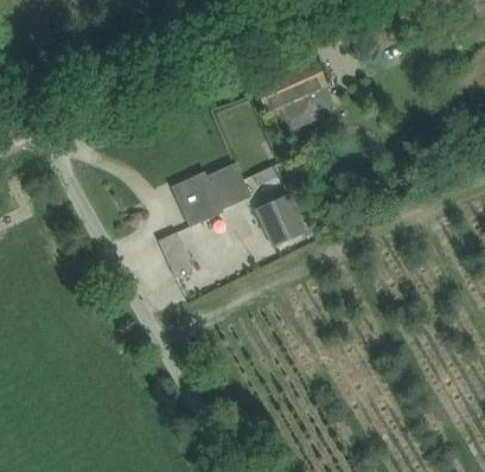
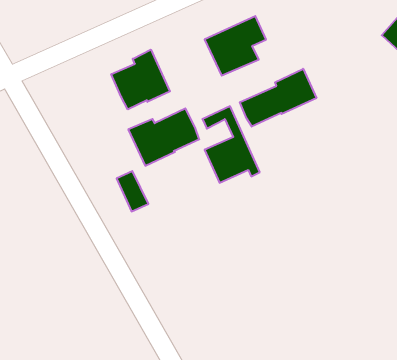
building: none -> [111,50,170,109]
building: none -> [240,69,316,127]

